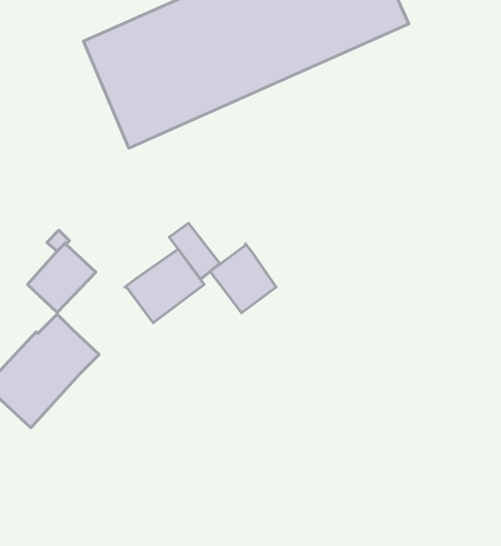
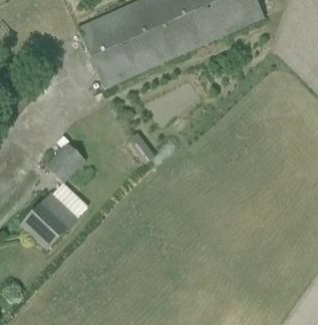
building: [210,244,276,313] -> none
building: [125,249,204,323] -> none

